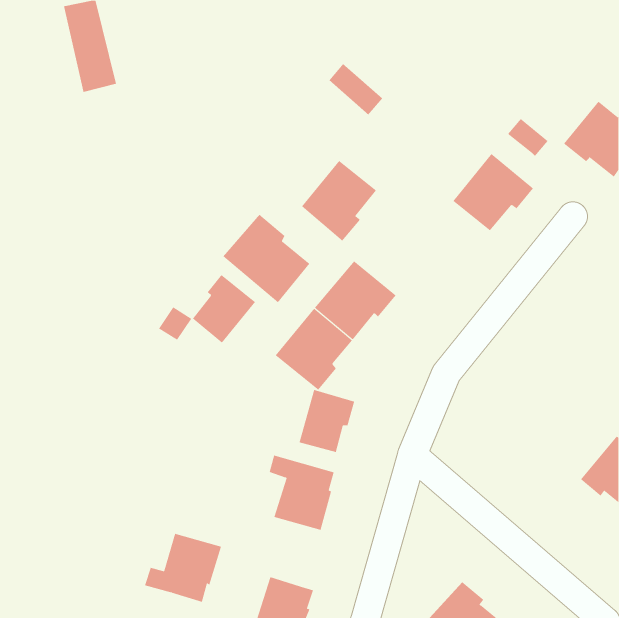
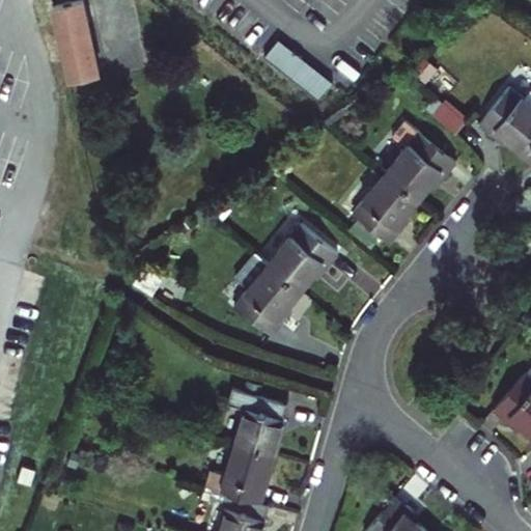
building: [301,160,377,242] -> [354,174,418,244]
building: [223,214,310,303] -> none
building: [192,274,256,343] -> none
building: [299,389,355,453] -> none
building: [144,533,222,602] -> [207,444,274,503]

